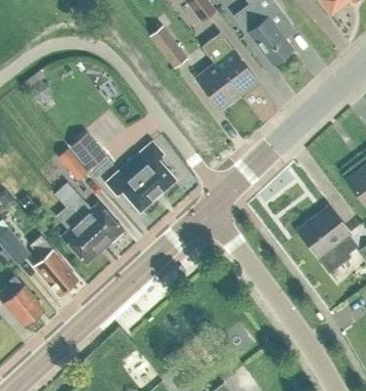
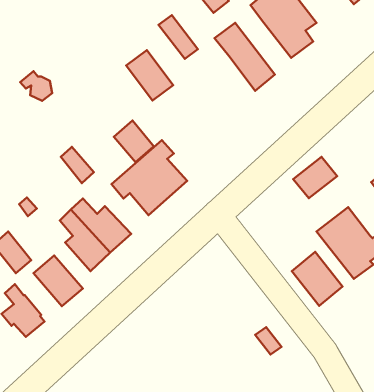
building: [195,63,239,111] -> [126,50,173,101]
building: [70,132,107,171] -> [114,120,154,162]
building: none -> [293,157,337,198]
building: none -> [292,252,343,306]

